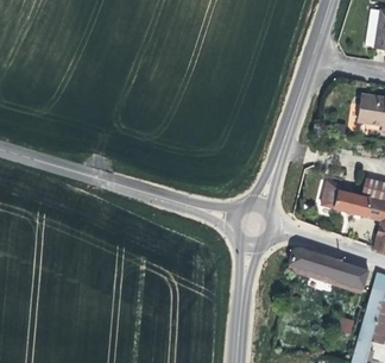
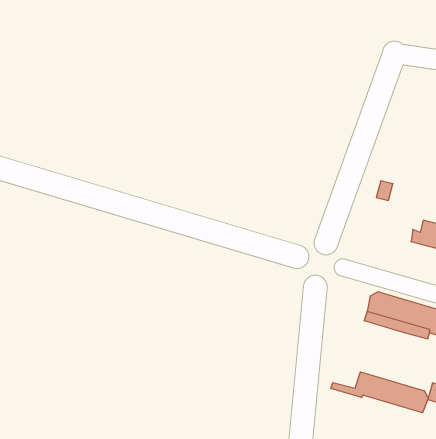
building: none -> [331,372,428,413]

